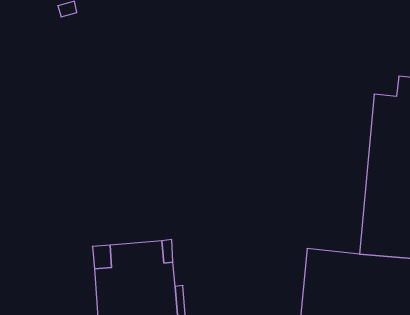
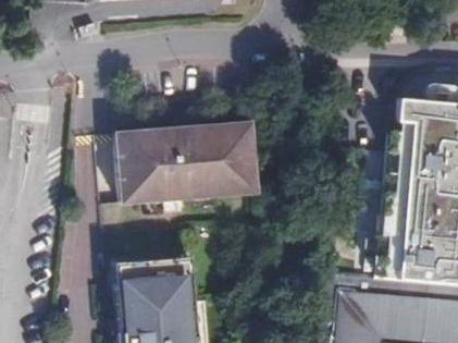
building: none -> [116,122,256,201]

